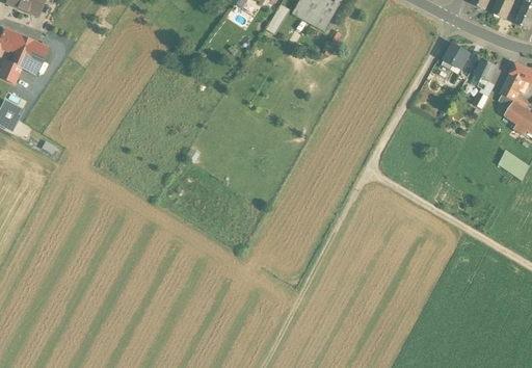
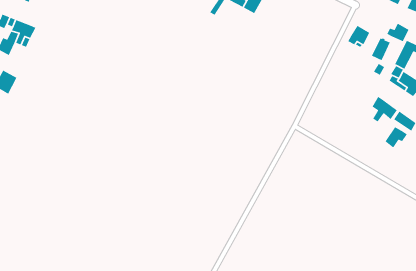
building: none -> [386,23,409,42]
building: none -> [372,96,398,123]
building: none -> [385,126,408,148]

